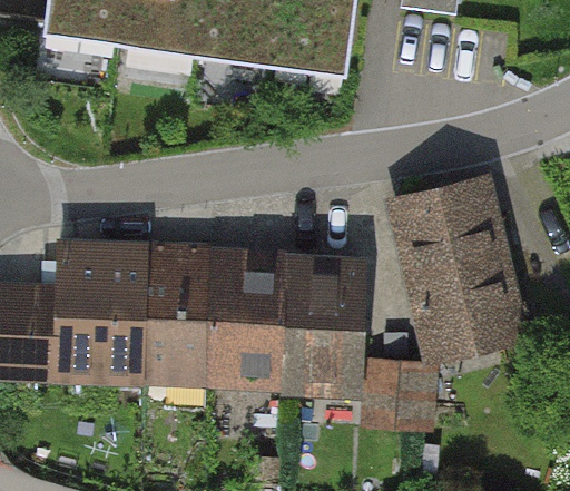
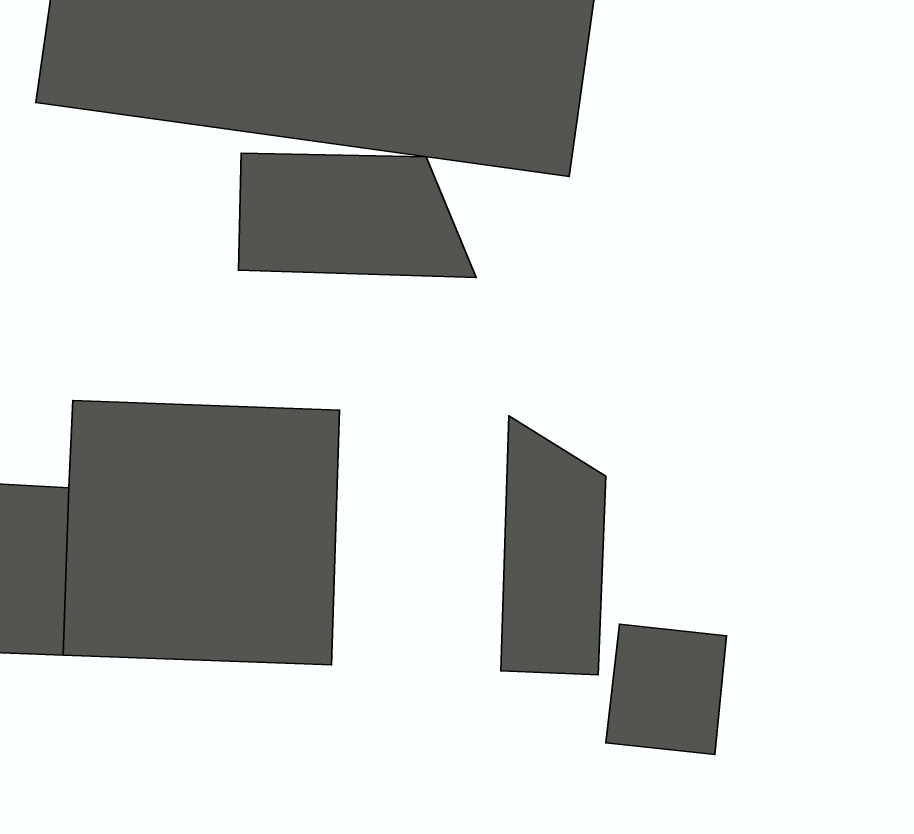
building: none -> [238,153,476,278]
building: [381,173,531,365] -> none
building: [206,240,307,390] -> none

